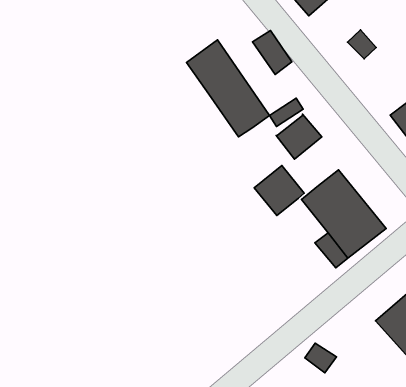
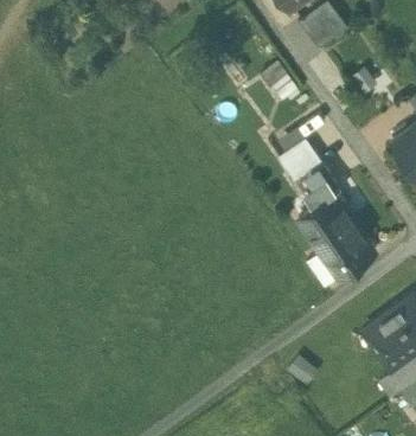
building: [186,40,269,137] -> none
building: [254,166,304,215] -> [294,161,340,207]

